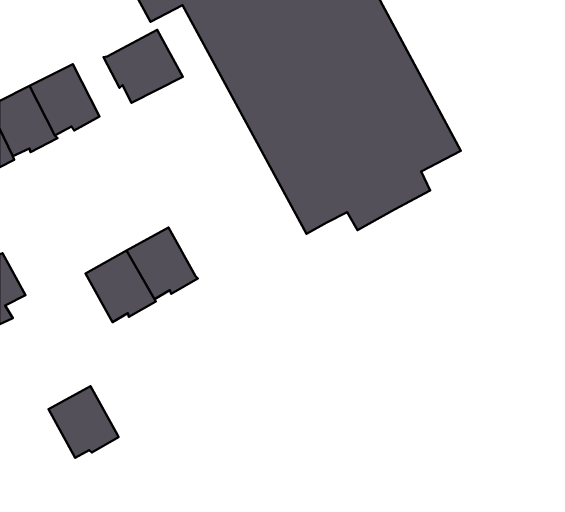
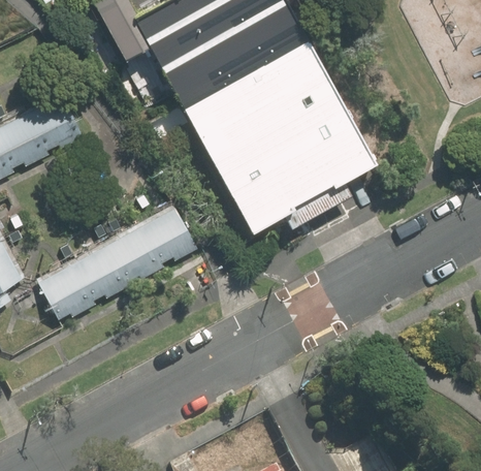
building: [104,30,183,103] -> none
building: none -> [138,208,196,265]
building: [48,386,119,458] -> [37,263,94,321]

